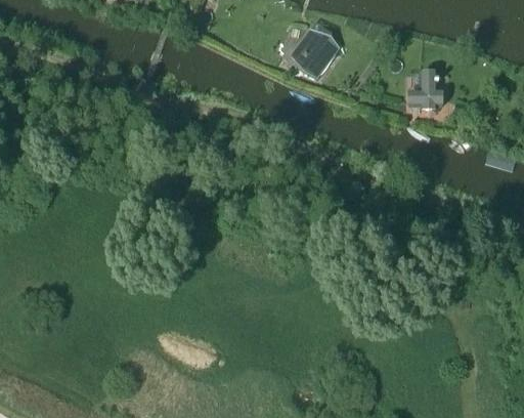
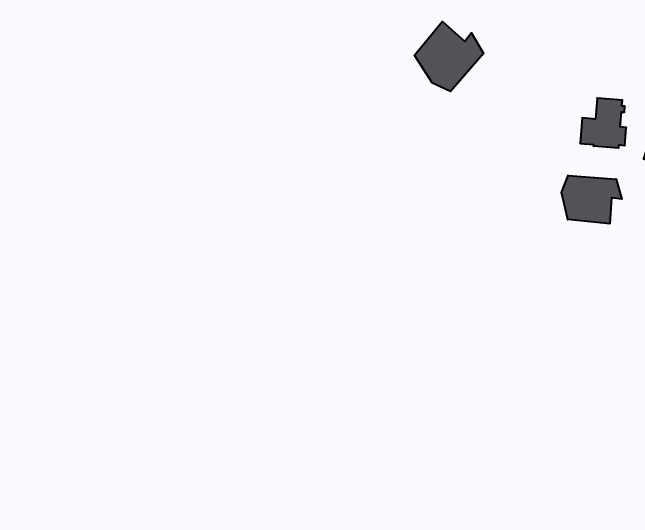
building: none -> [561,175,622,224]

